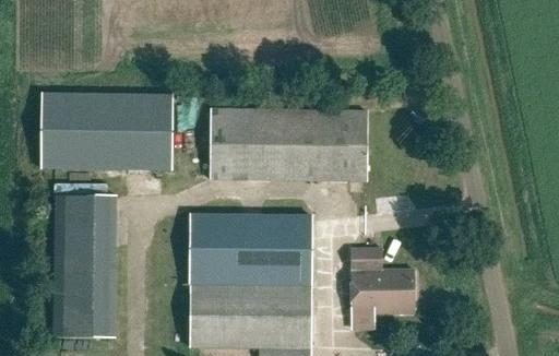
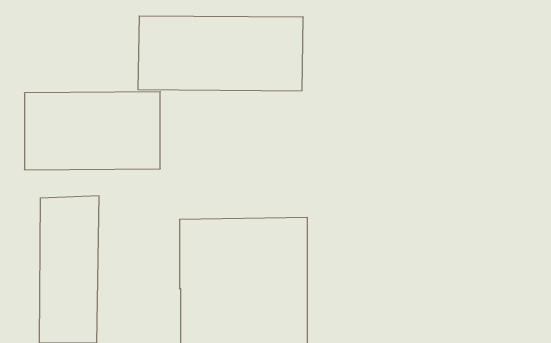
building: [211,108,370,180] -> [138,16,303,91]
building: [349,248,415,329] -> none

